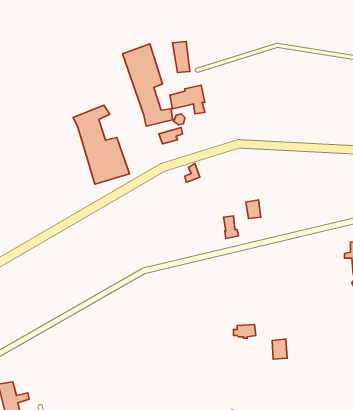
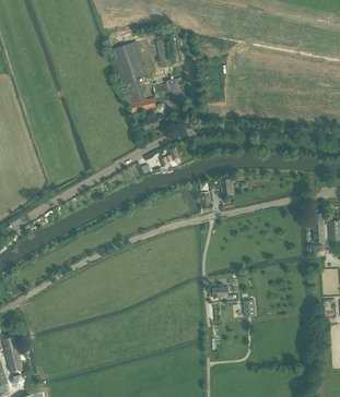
building: [73,105,129,184] -> none

